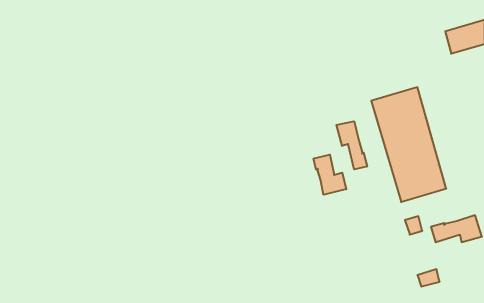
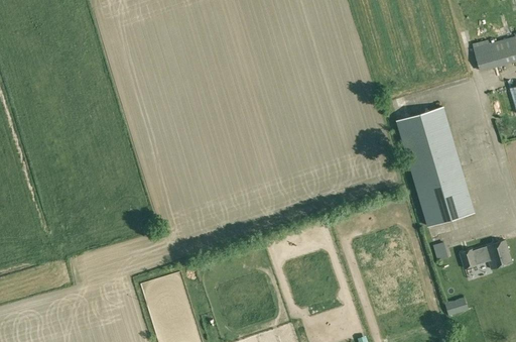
building: [336,121,367,169] -> none
building: [313,155,346,195] -> none

